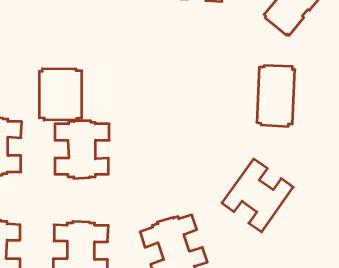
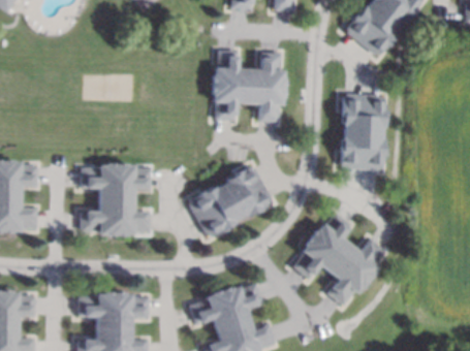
building: none -> [211,50,284,122]
building: [39,69,82,120] -> none
building: none -> [188,166,271,236]

